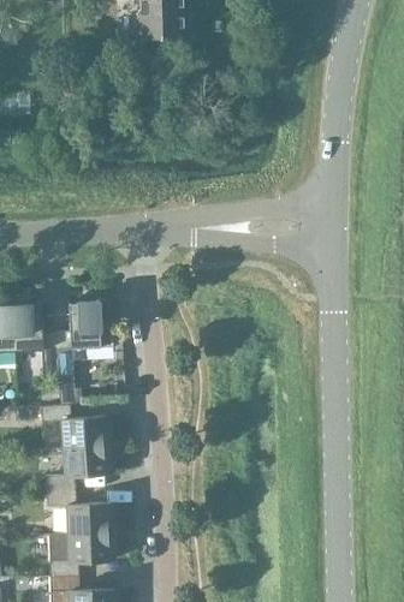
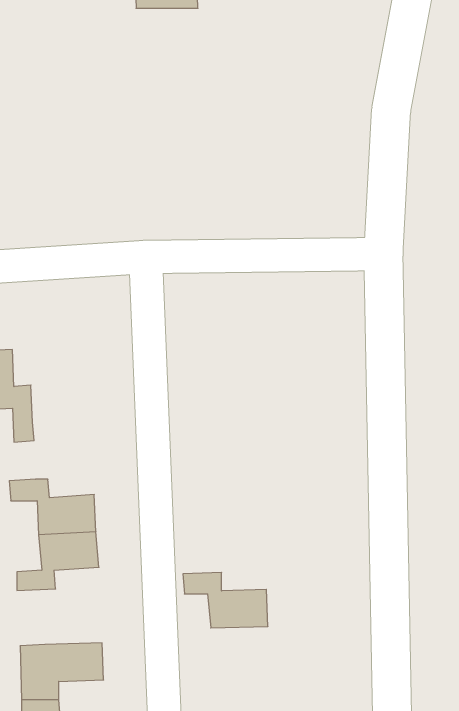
building: [57,302,113,405] -> none
building: [46,490,112,534] -> [183,572,268,628]

